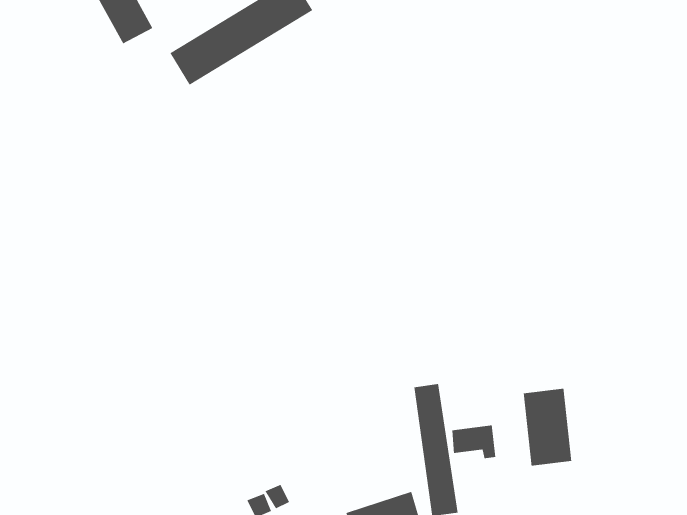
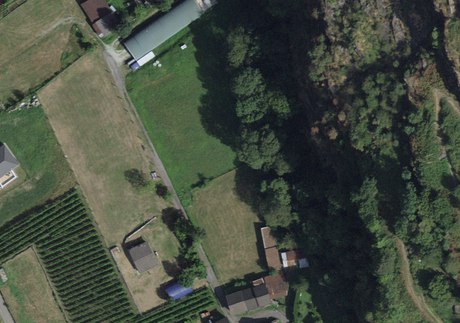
building: [523,388,572,467] -> none
building: none -> [128,244,154,273]

